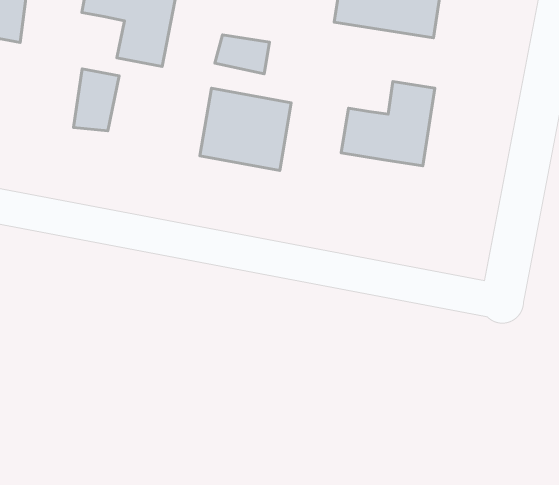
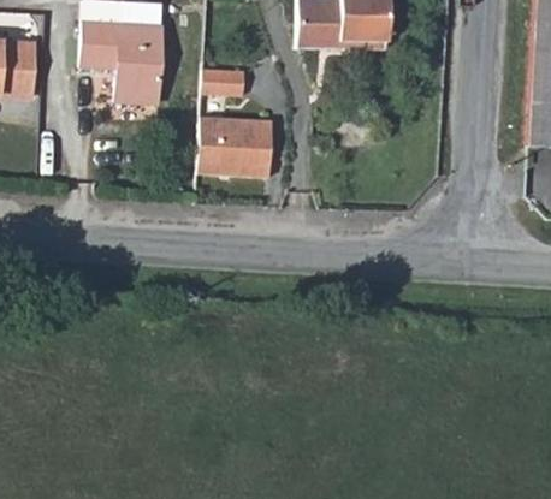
building: [73,69,119,131] -> none
building: [341,81,435,166] -> none

